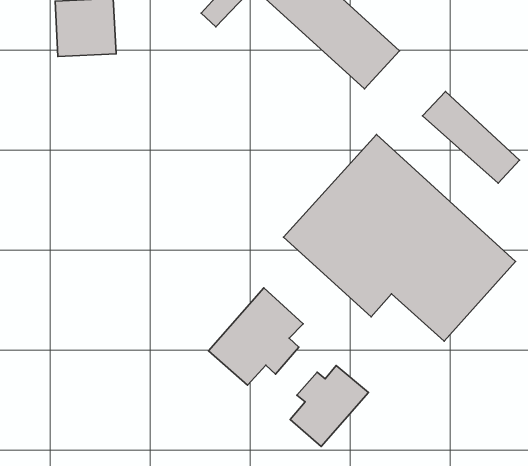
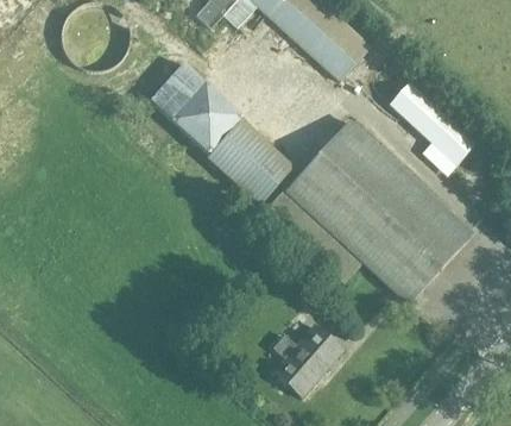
building: none -> [151,62,294,203]
building: [209,288,303,385] -> none

